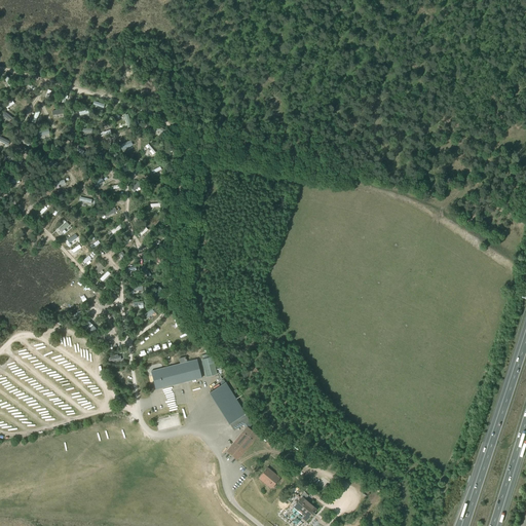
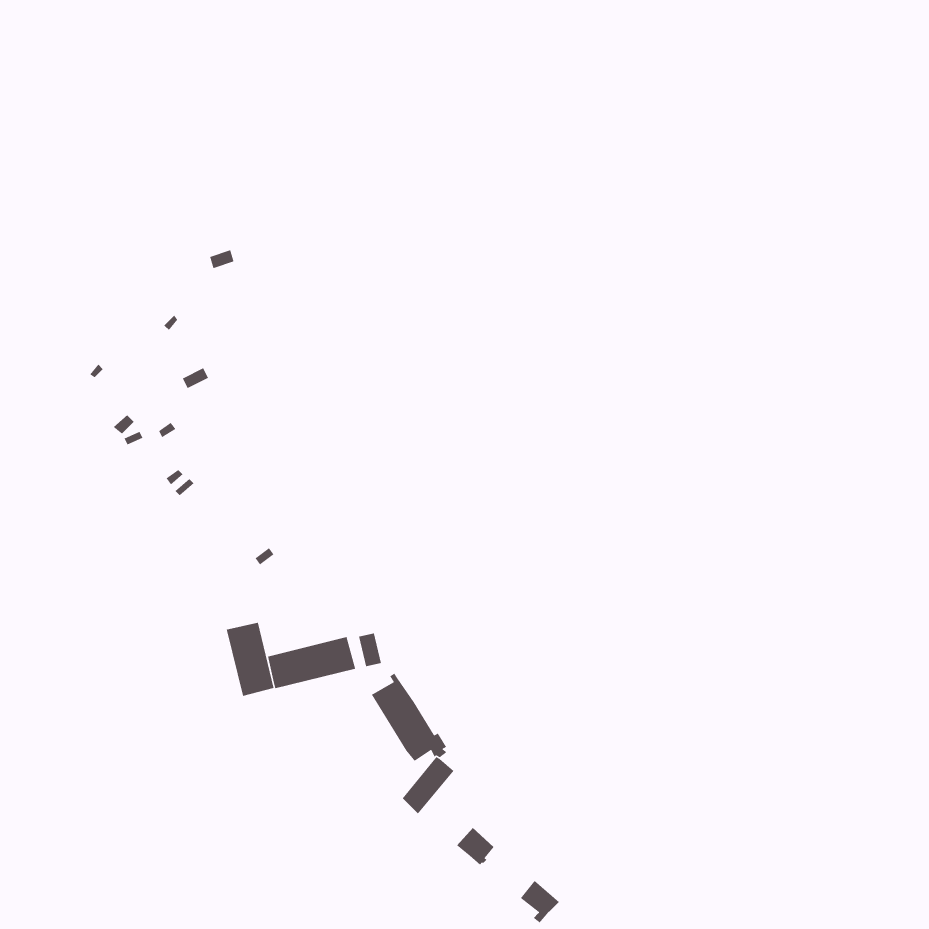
building: none -> [226,622,274,697]

